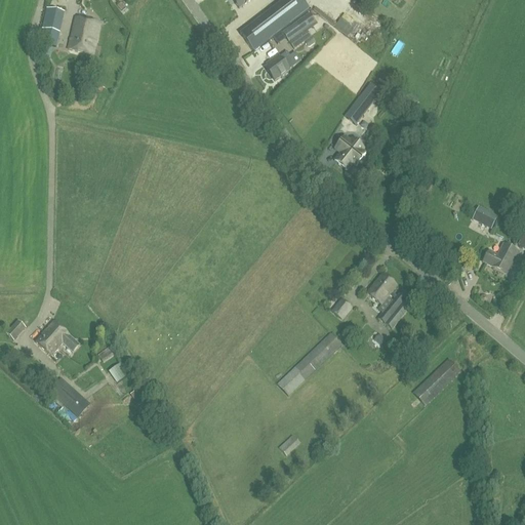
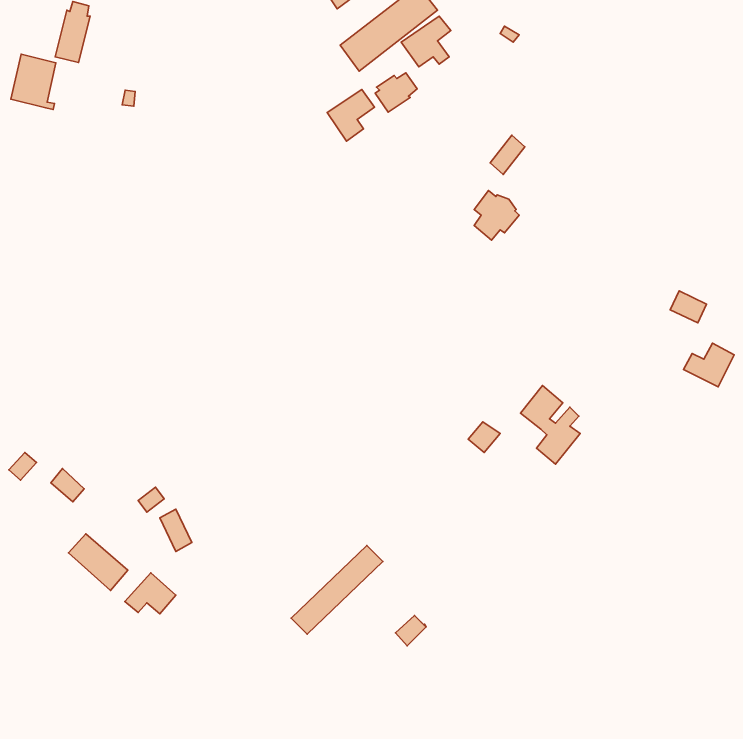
building: [68,15,99,54] -> [11,54,56,109]
building: none -> [327,89,375,141]
building: [44,320,79,351] -> none
building: [277,331,341,394] -> [291,545,383,634]
building: [413,357,460,403] -> none
building: none -> [125,573,176,614]

